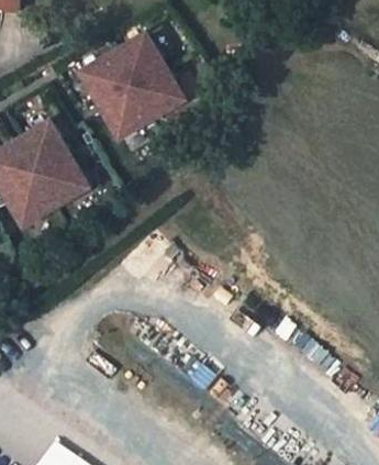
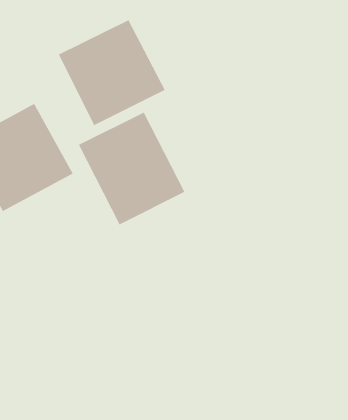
building: none -> [78,111,185,225]

